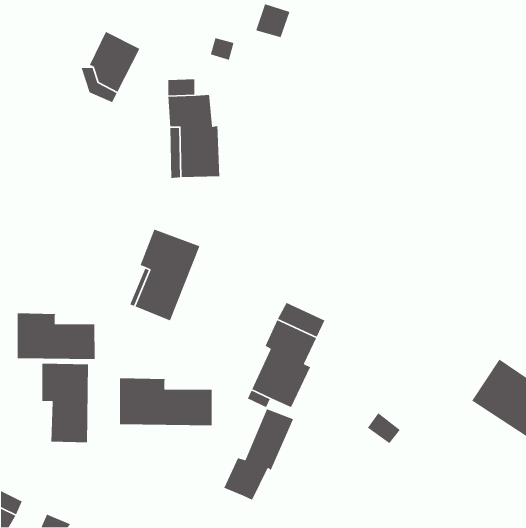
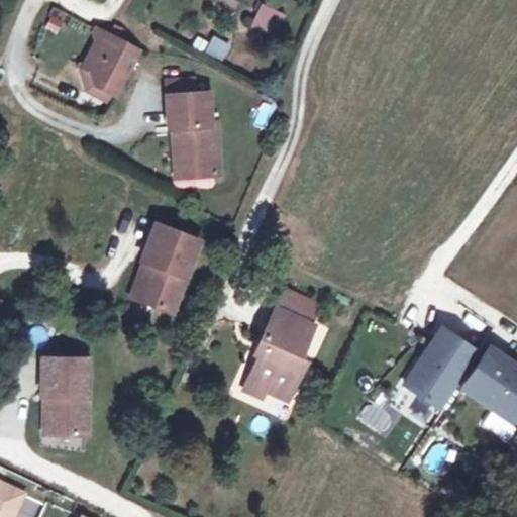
building: [17,313,95,360] -> none
building: none -> [404,332,479,413]
building: [119,378,213,426] -> none
building: [223,408,294,501] -> none

